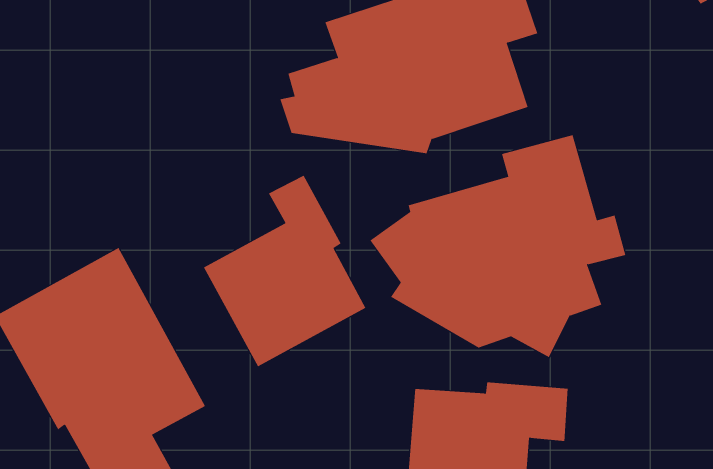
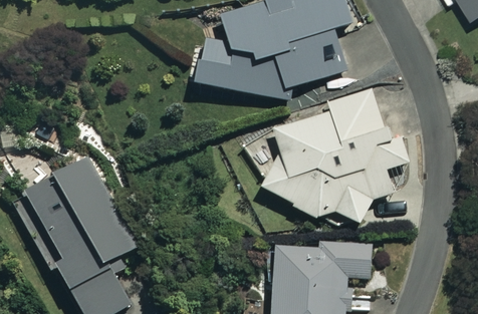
building: [203,175,366,367] -> none

